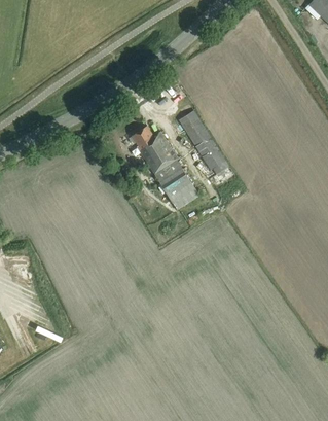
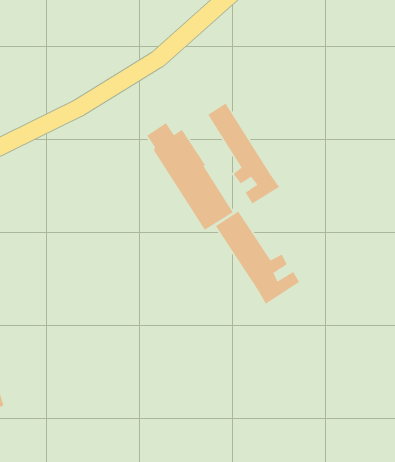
building: none -> [215,211,300,305]

